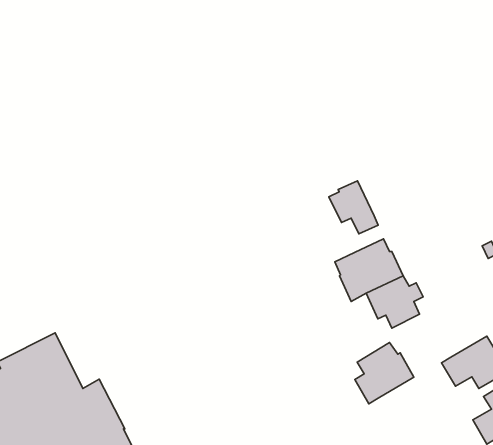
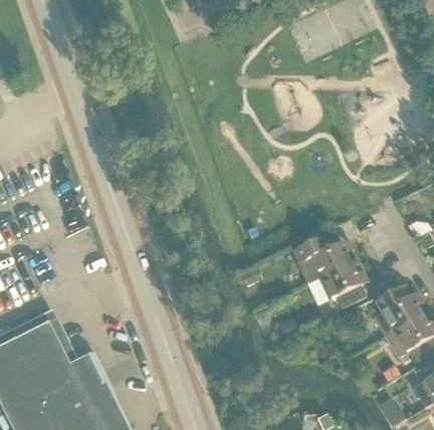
building: [329,181,378,234] -> none
building: [355,342,414,404] -> [375,284,426,338]

